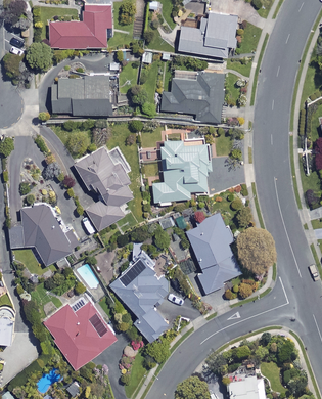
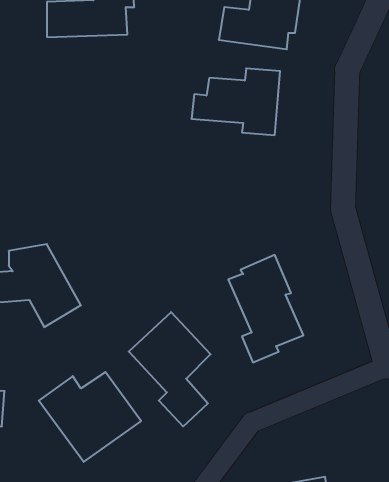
building: [53,76,127,116] -> none
building: [151,140,210,205] -> none
building: [75,143,139,231] -> none

